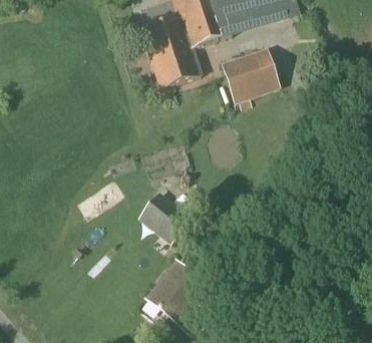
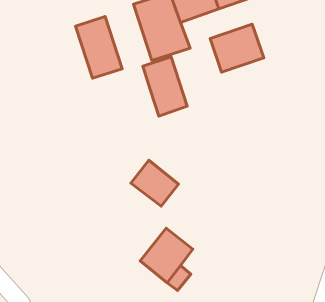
building: none -> [75,17,122,78]
building: none -> [143,57,187,116]

